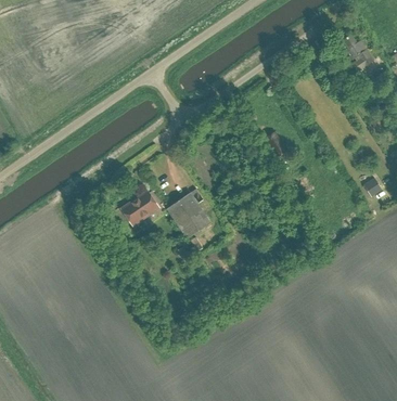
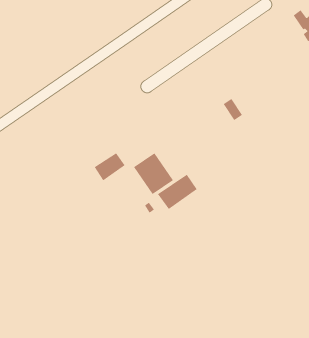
building: none -> [157,174,197,210]

